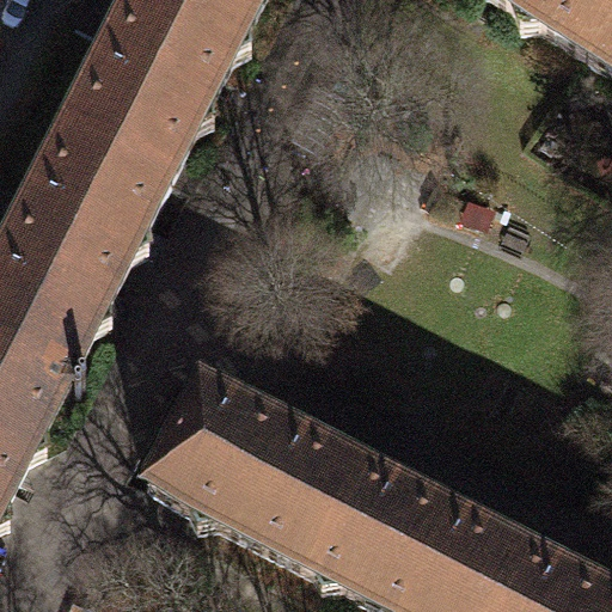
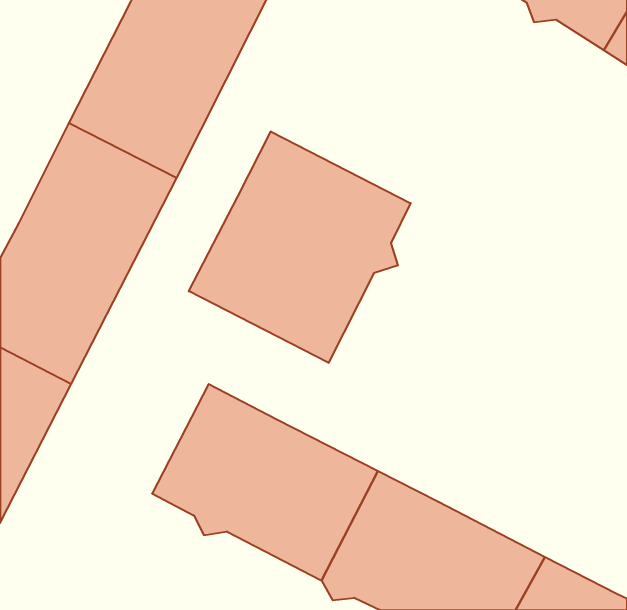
building: none -> [189,131,411,363]

